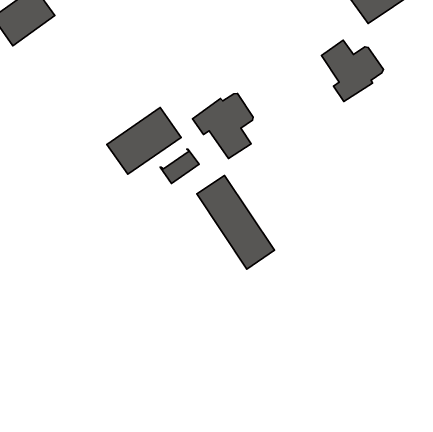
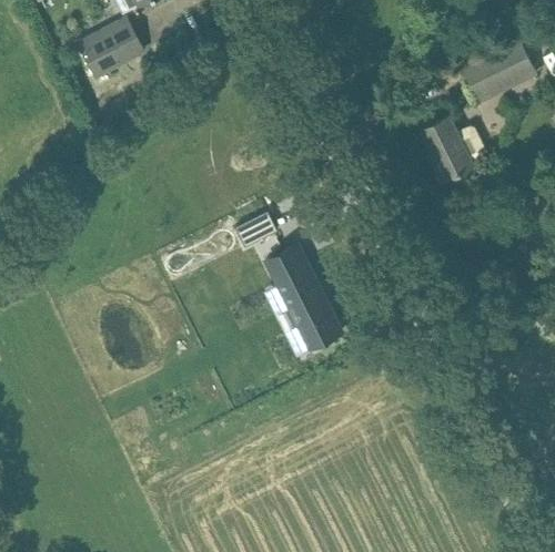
building: [193,94,253,159] -> none
building: [107,108,181,174] -> none

